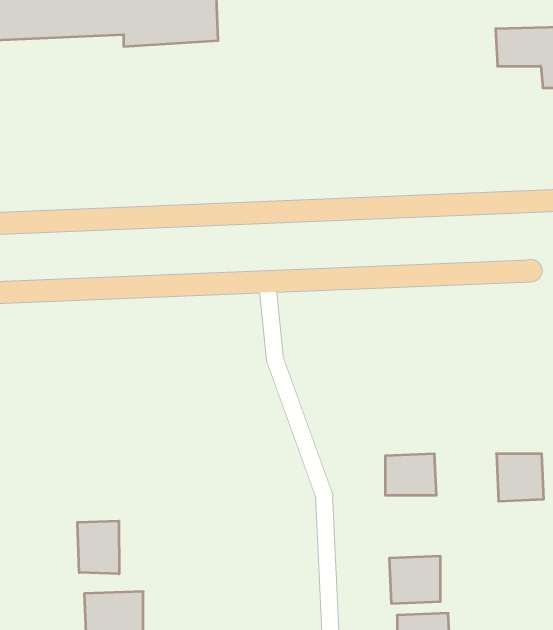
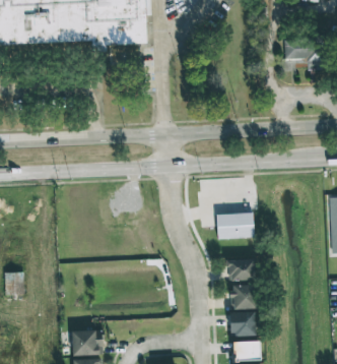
building: none -> [216,213,254,239]
building: [496,454,544,501] -> [231,285,256,309]
building: [78,521,119,574] -> none

